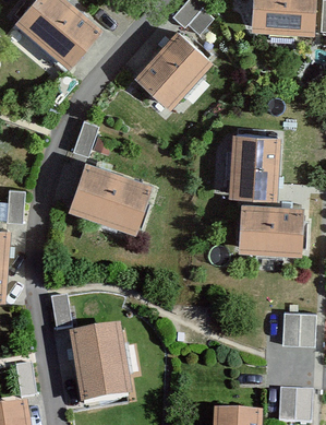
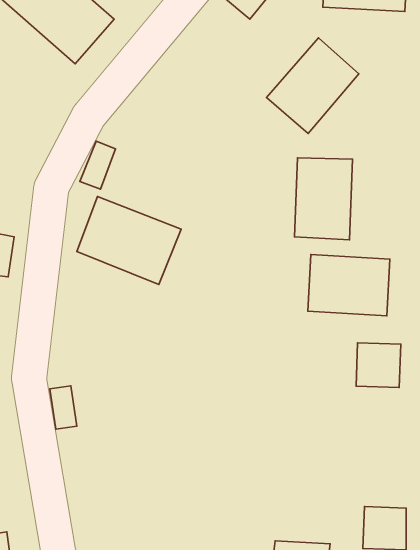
building: [137,33,205,103] -> [266,38,359,133]
building: [285,315,317,347] -> [356,343,401,388]
building: [72,332,126,404] -> none

